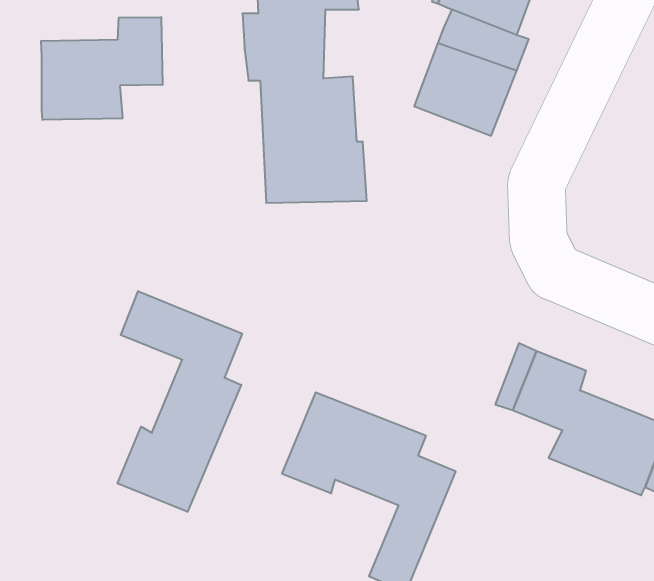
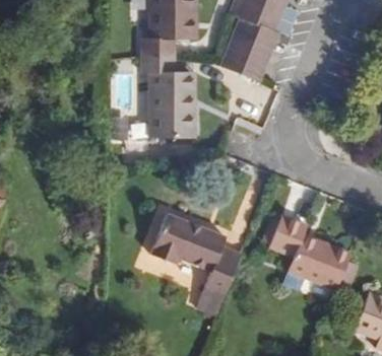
building: [41,17,162,120] -> none
building: [118,291,242,512] -> none

